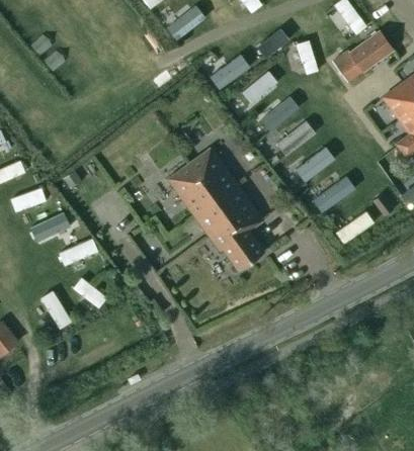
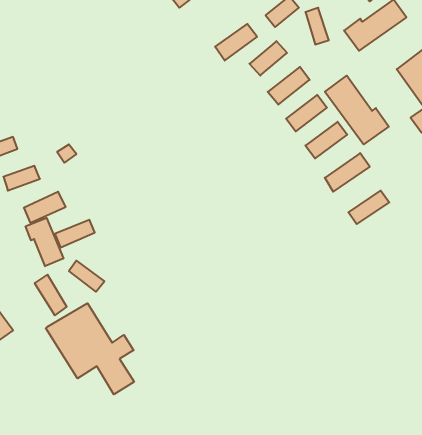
building: none -> [325,76,389,144]
building: [167,147,263,270] -> none
building: none -> [26,218,63,266]
building: none -> [46,303,134,394]

